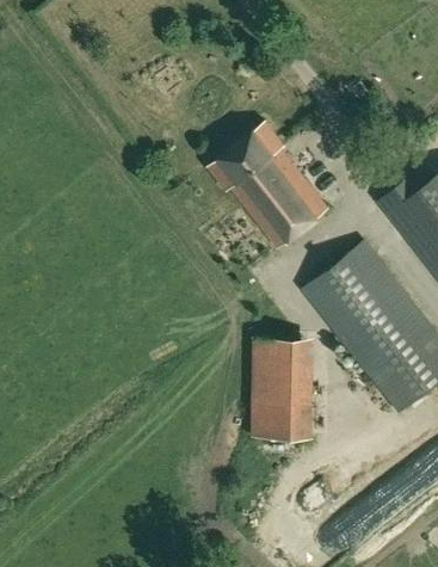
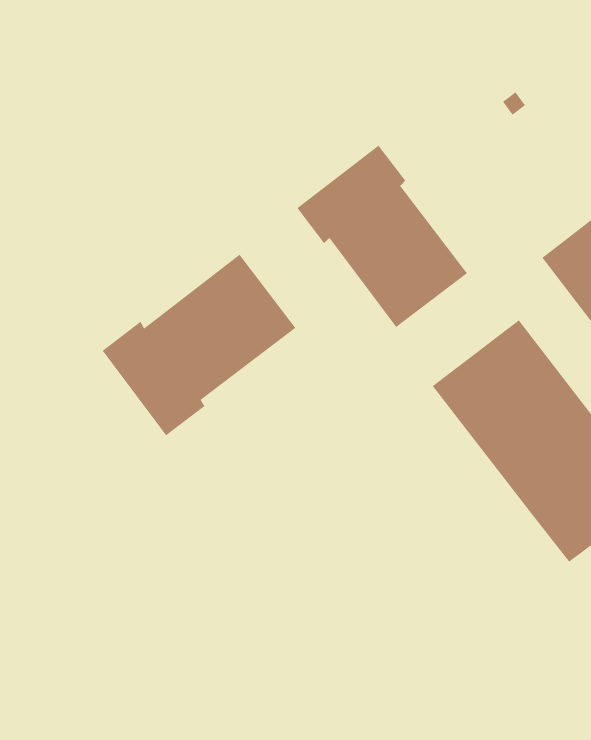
building: none -> [102,254,296,436]
building: [254,339,314,437] -> none

